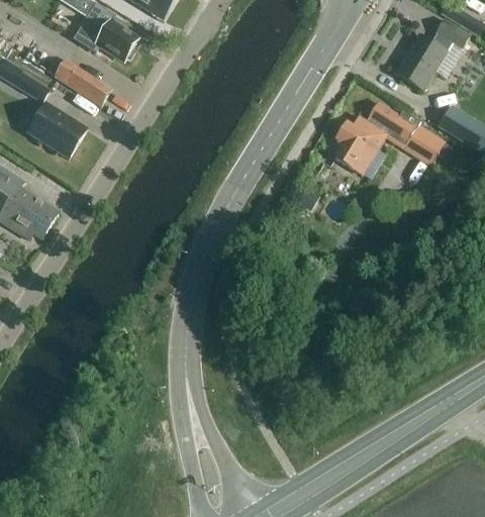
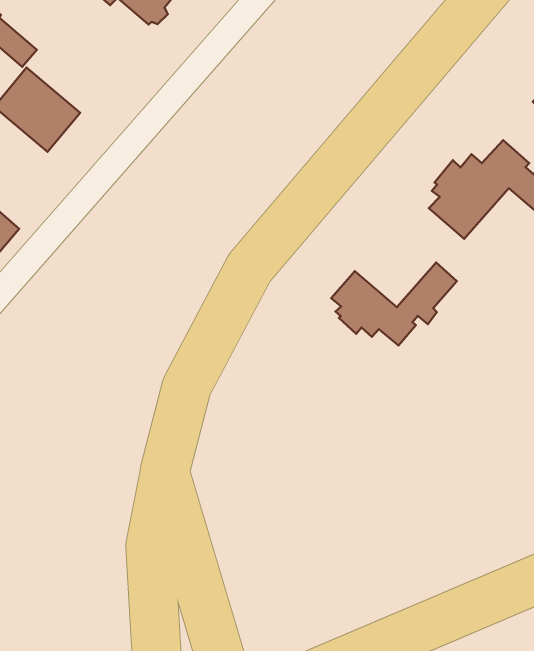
building: [55,59,111,105] -> none
building: none -> [331,262,457,345]

